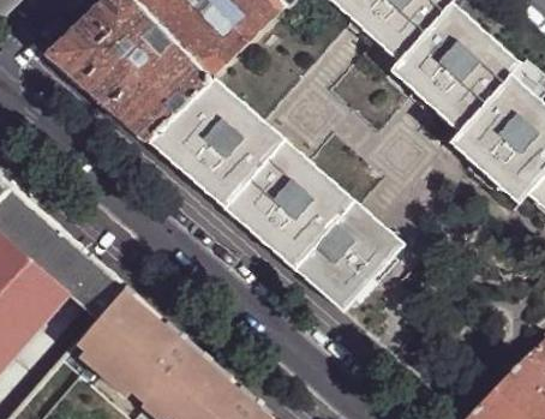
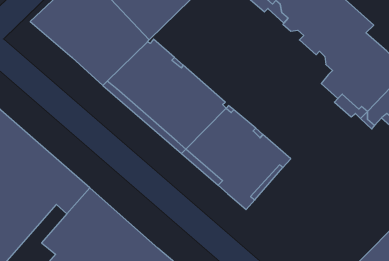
building: [389,60,463,130] -> none

